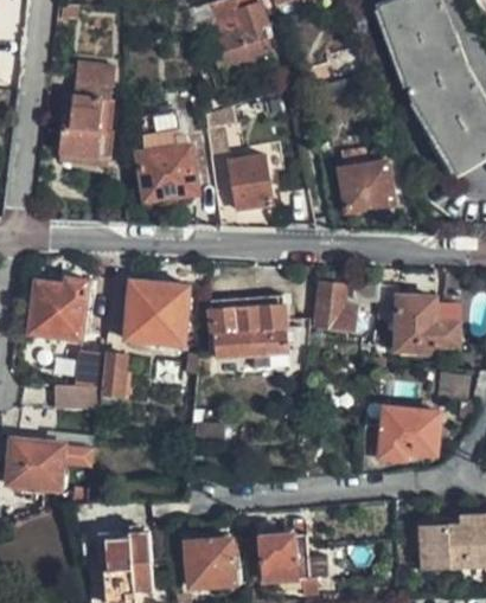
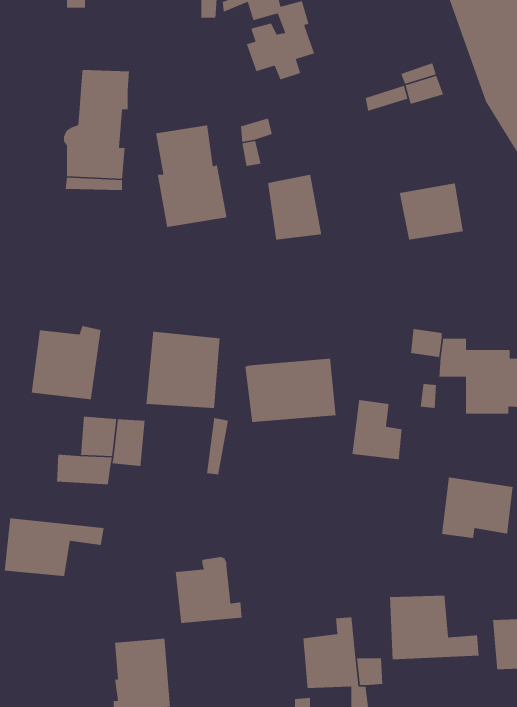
building: [311,284,353,335] -> [351,399,402,460]
building: none -> [389,595,480,660]
building: [185,533,242,590] -> [175,556,243,624]

